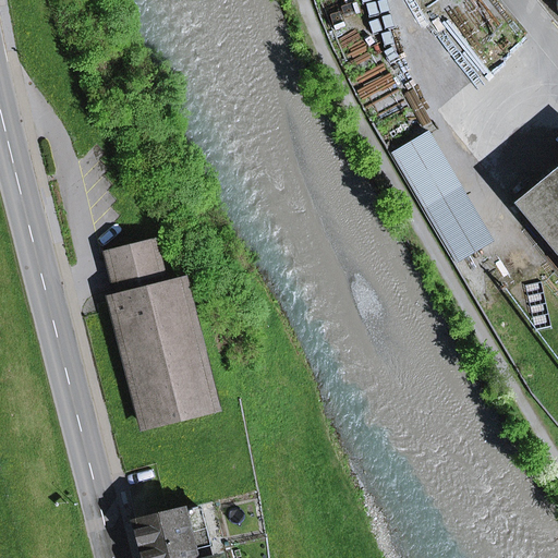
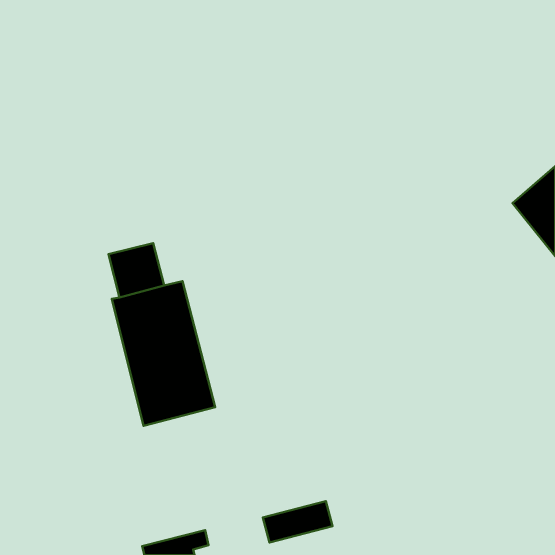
building: [395,135,487,254] -> none
building: [136,507,206,548] -> [263,501,332,543]

